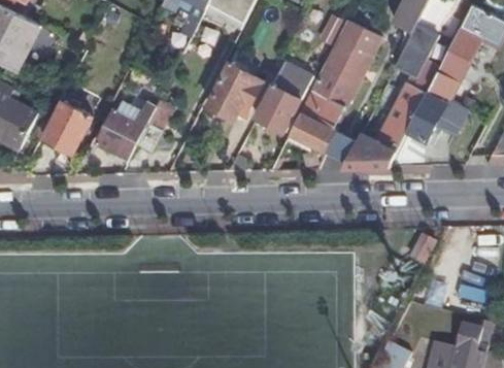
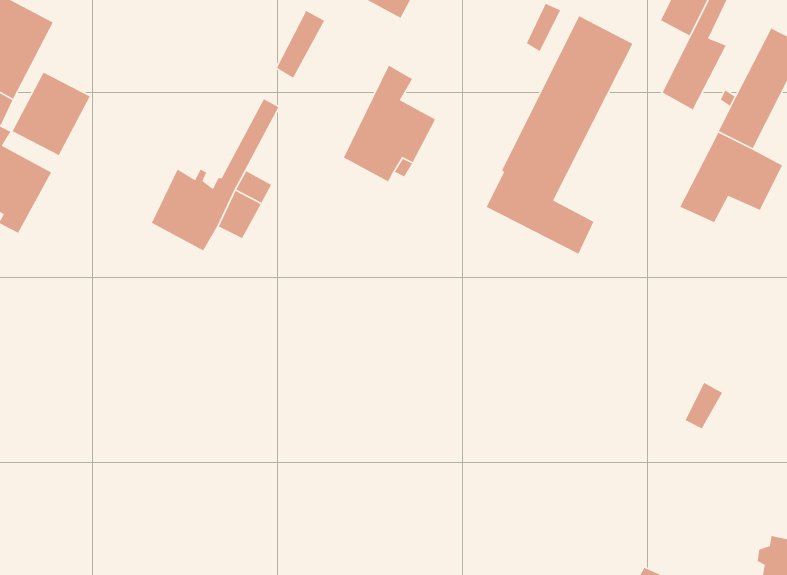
building: [255,65,309,132] -> none
building: [341,83,425,170] -> none
building: [43,103,90,153] -> [12,72,91,156]

